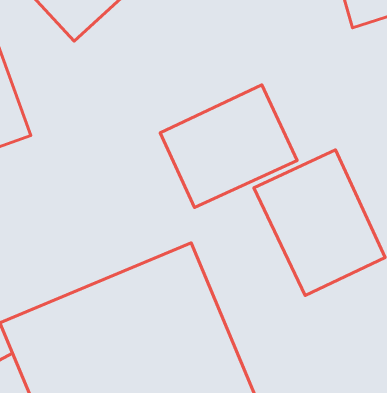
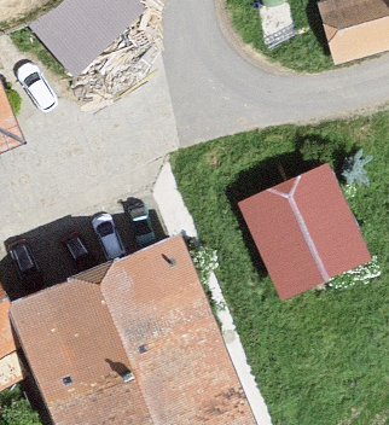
building: [160,85,297,207] -> none

